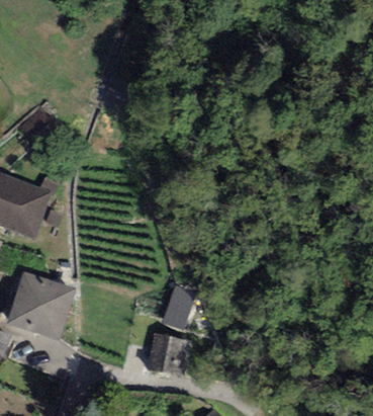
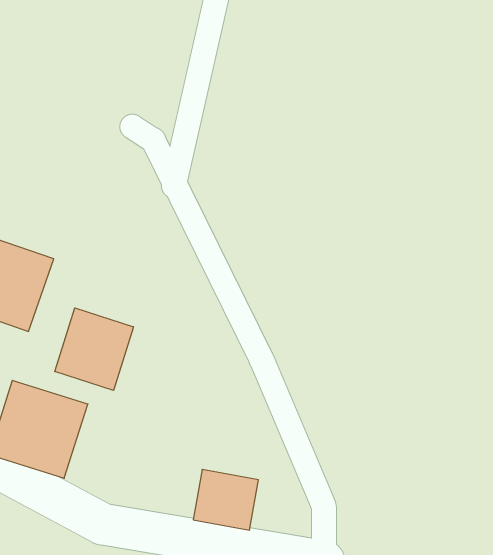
building: none -> [55,308,133,390]
building: [163,285,195,330] -> none

